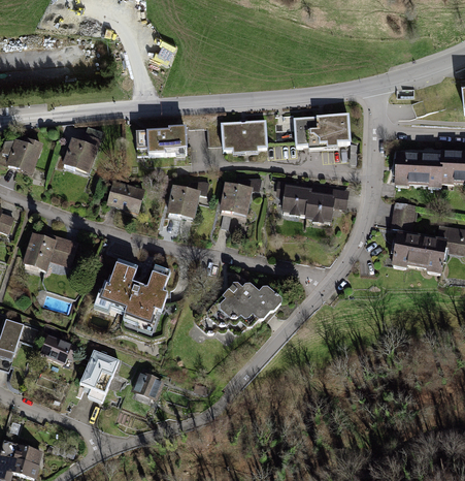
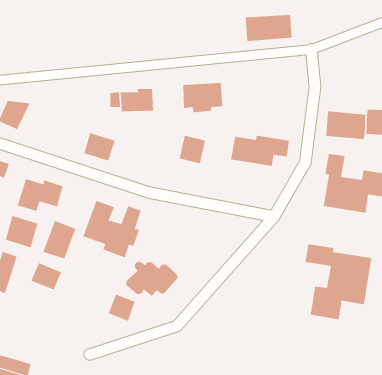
building: [295,114,352,146] -> [245,15,292,41]
building: [62,138,96,173] -> none
building: [162,183,199,221] -> none
building: none -> [5,215,38,248]
building: [221,283,284,325] -> [126,261,179,296]
building: none -> [305,244,372,320]
building: [80,350,121,396] -> [42,220,76,259]

